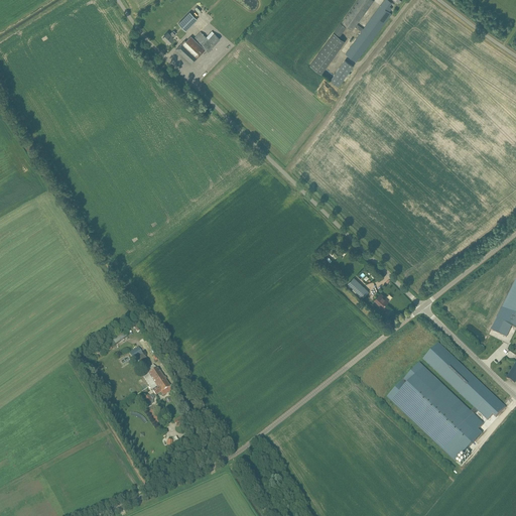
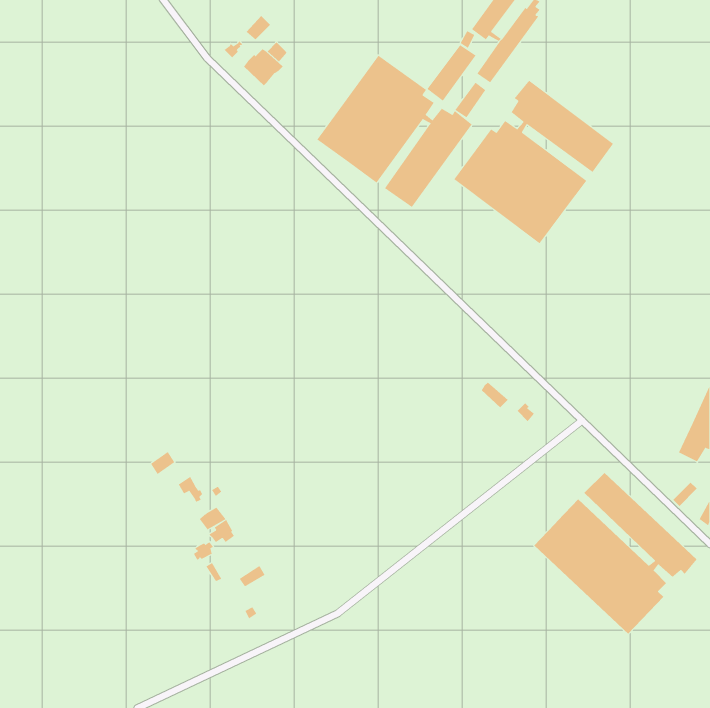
building: none -> [317,55,473,208]
building: none -> [453,80,614,244]

